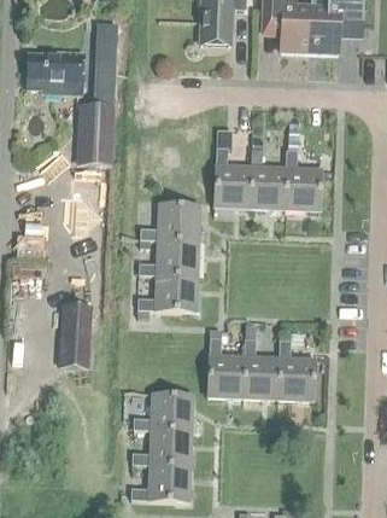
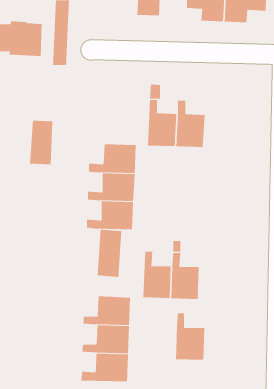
building: [80,107,110,163] -> [29,120,53,165]
building: [283,151,321,210] -> none
building: [59,307,90,367] -> [97,229,122,277]
building: [277,341,315,400] -> [175,313,205,360]

